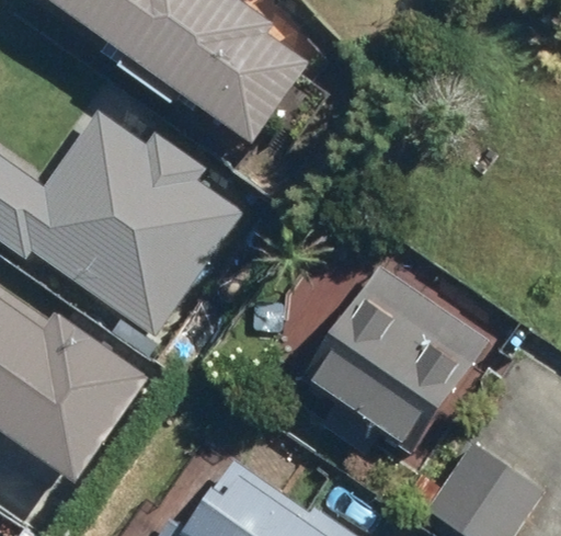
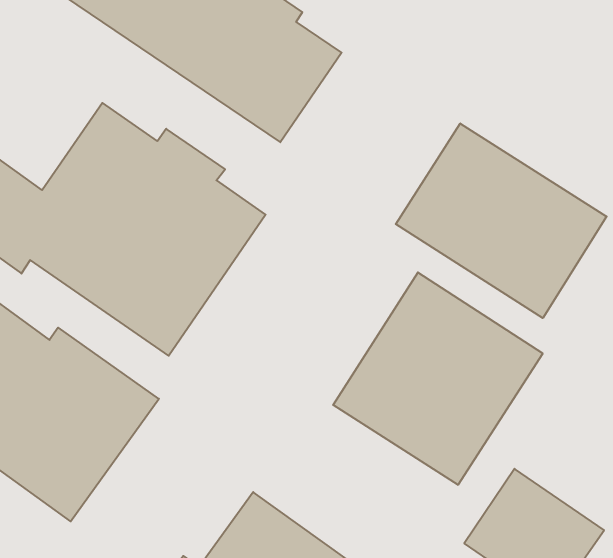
building: none -> [396,123,607,318]

